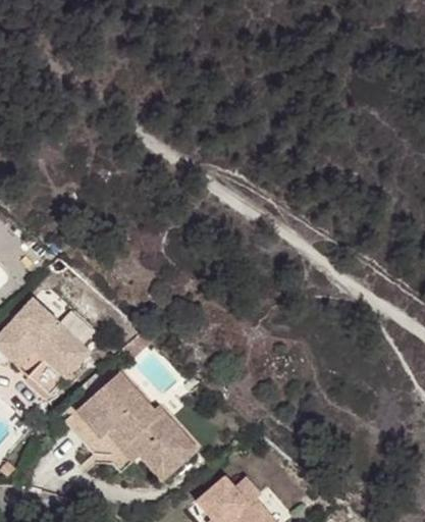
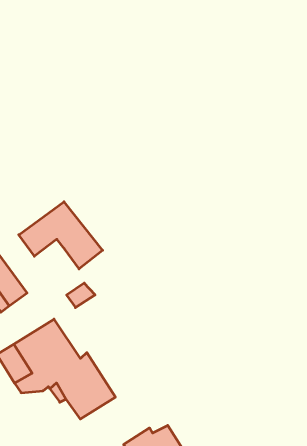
building: none -> [19,202,103,269]

